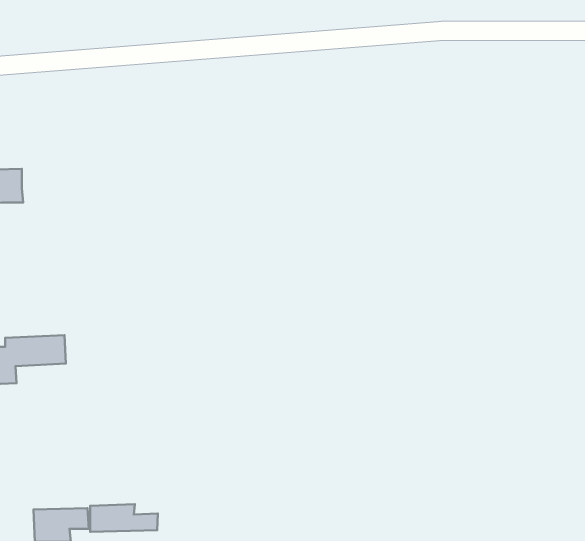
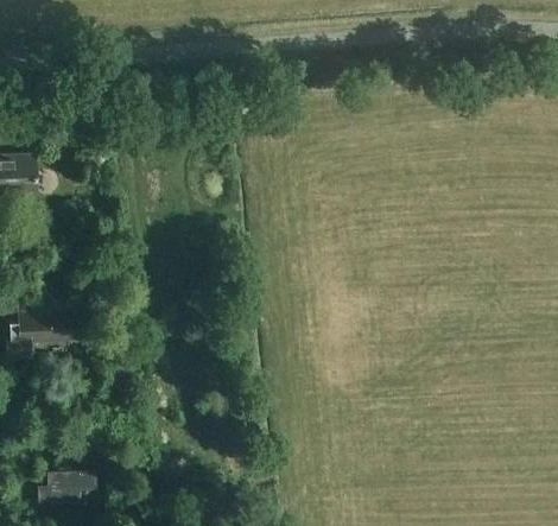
building: [90,504,158,532] -> none

